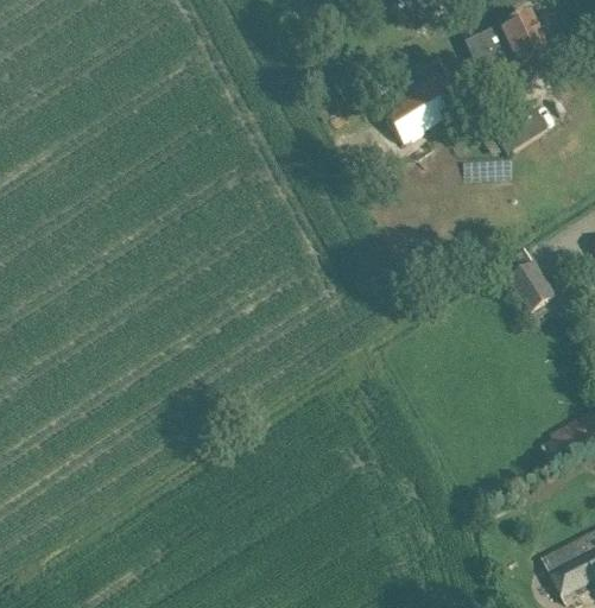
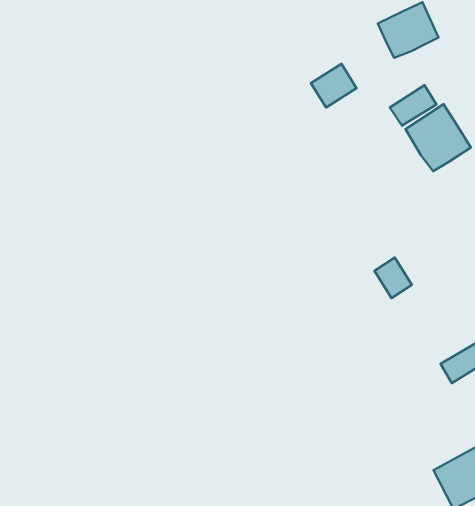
building: none -> [405,104,471,171]
building: [509,261,553,309] -> [374,258,412,298]

